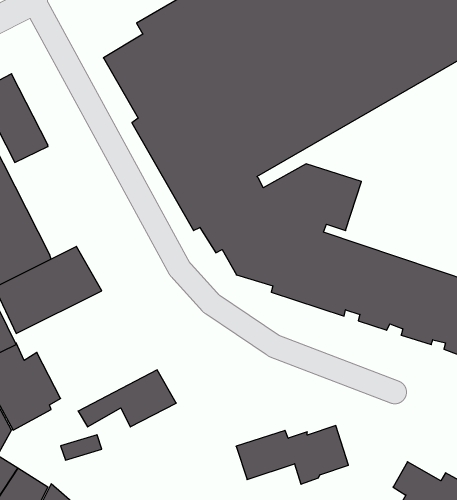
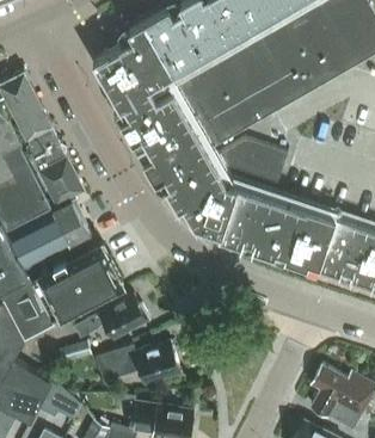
building: none -> [26,127,86,205]
building: none -> [41,242,124,316]
building: [236,426,348,484] -> [96,341,180,385]

